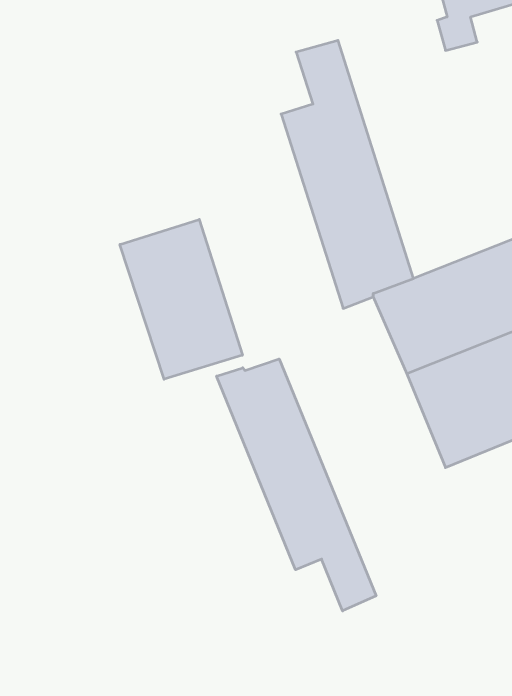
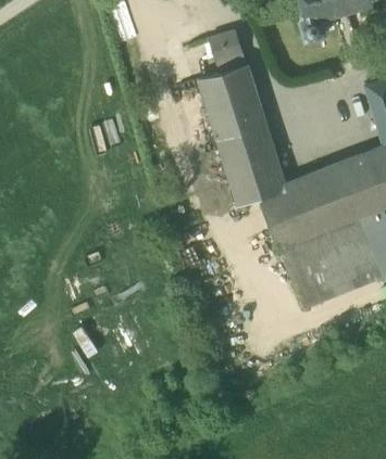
building: [120,219,242,379] -> none
building: [217,359,376,611] -> none

